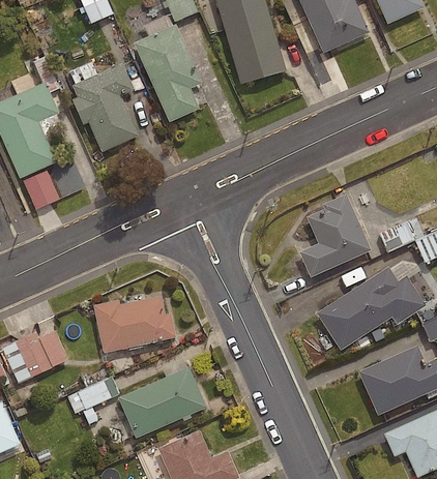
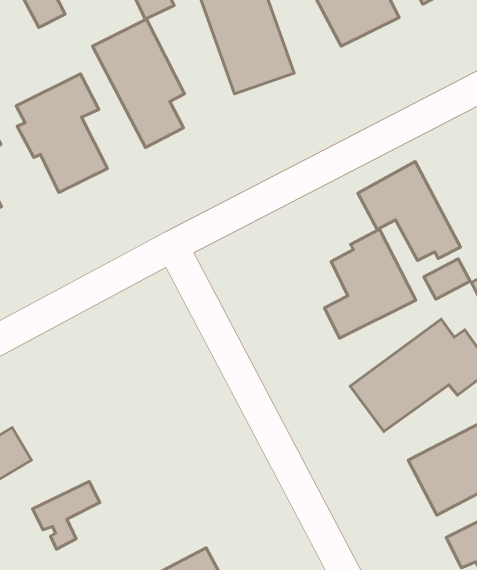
building: none -> [358,162,461,261]
building: [92,294,175,353] -> none
building: [117,366,205,438] -> none

